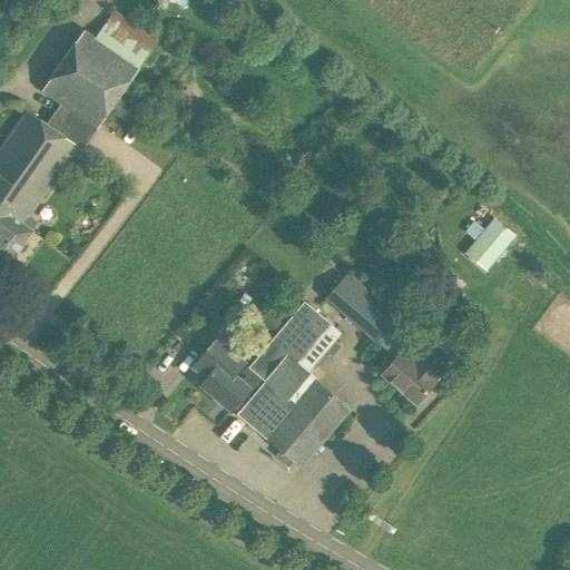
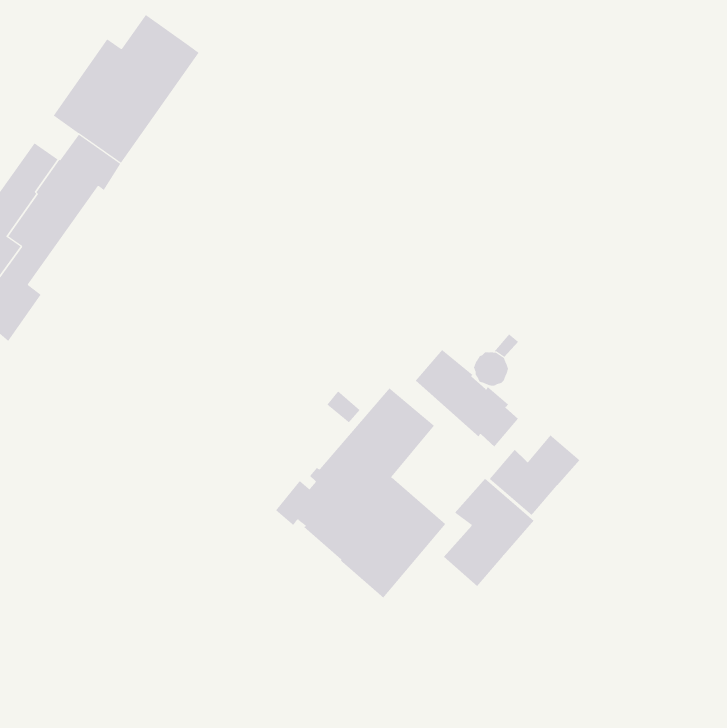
building: [464,217,513,271] -> none
building: [193,338,244,399] -> none
building: none -> [443,478,535,587]

